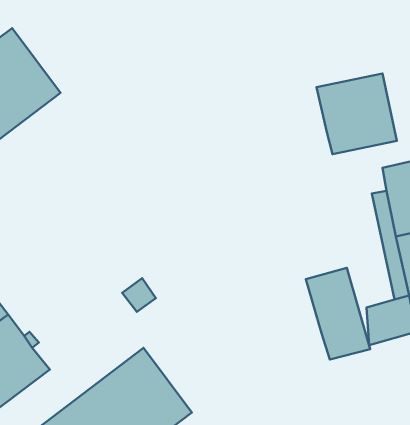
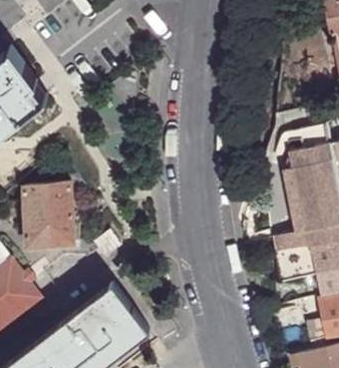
building: [316,73,397,154] -> none
building: none -> [27,185,74,249]
building: [306,268,370,360] -> none

